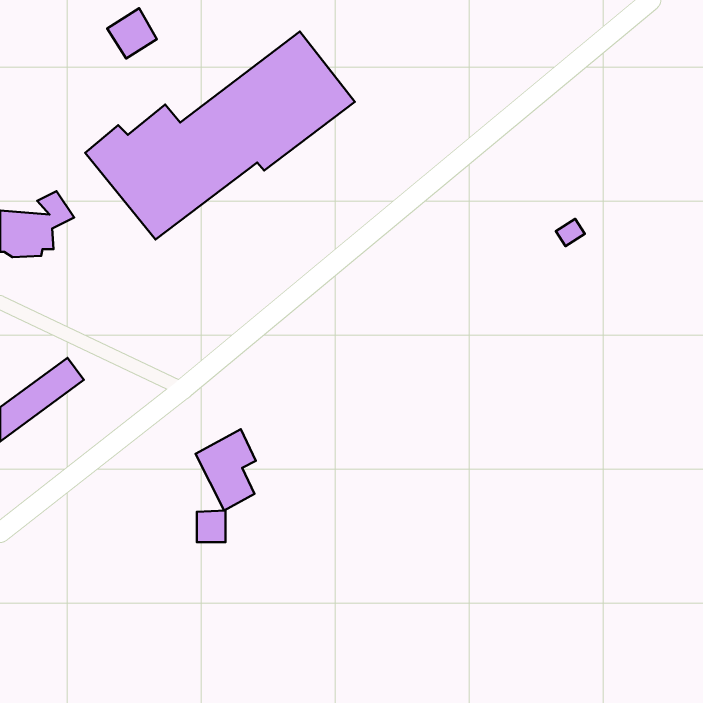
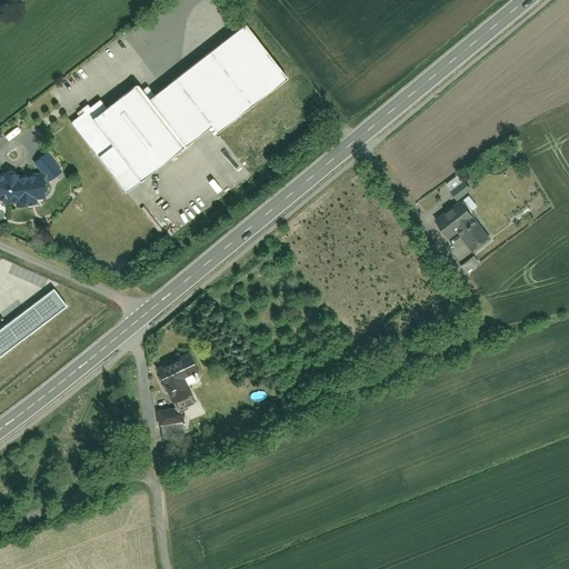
building: [107,8,157,59] -> none
building: none -> [432,196,493,256]

